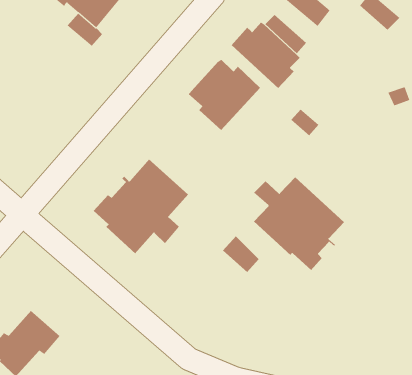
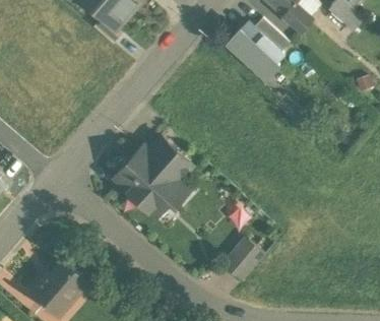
building: [188,59,261,131] -> none
building: [253,176,345,271] -> none
building: none -> [219,236,263,281]

